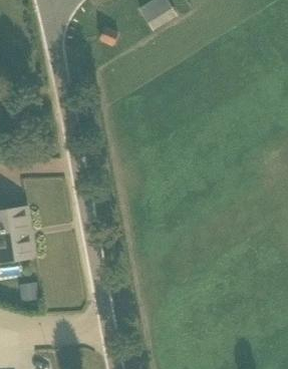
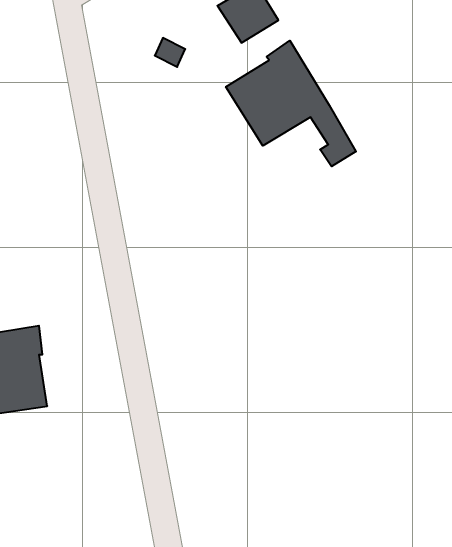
building: none -> [226,41,356,166]

